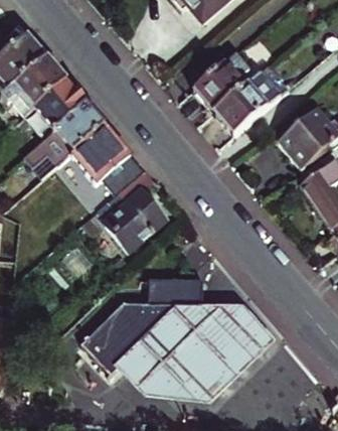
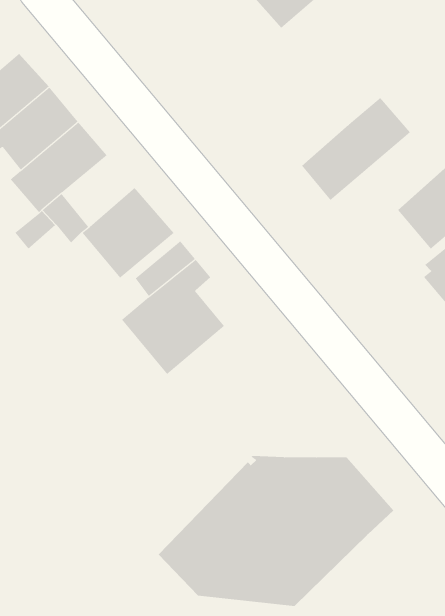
building: [195,60,246,111] -> none
building: [57,104,106,151] -> none
building: [83,276,205,378] -> none

